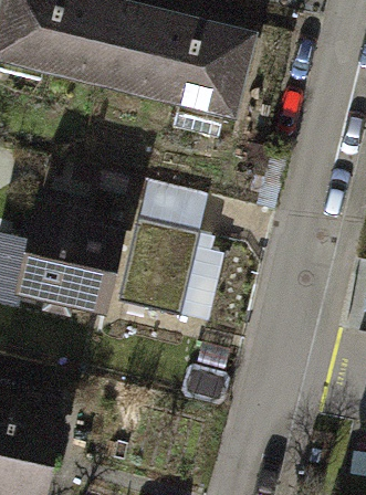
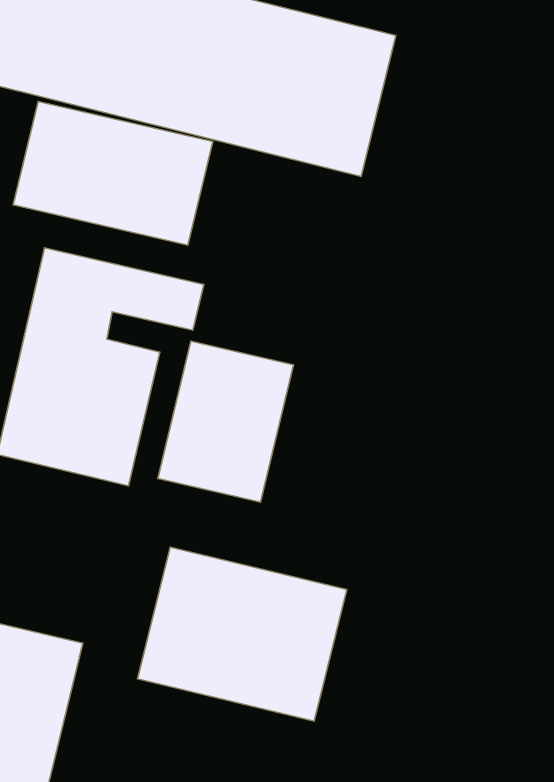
building: none -> [13,101,213,245]
building: none -> [138,547,347,721]

